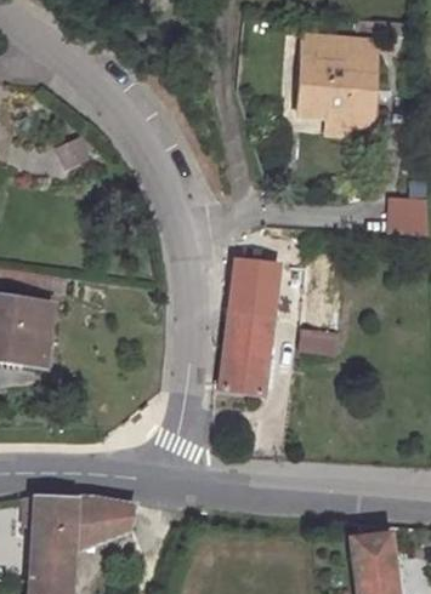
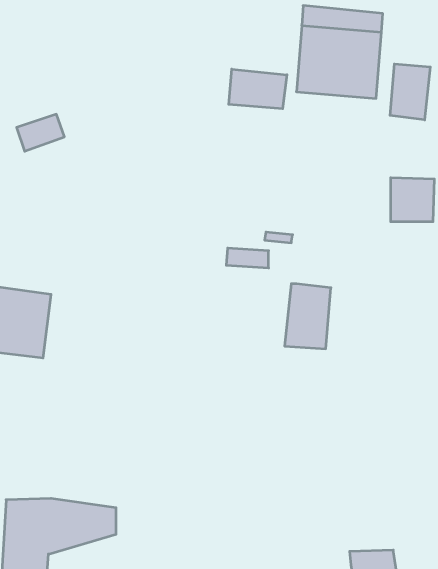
building: none -> [390,64,430,120]
building: none -> [229,69,287,109]
building: [212,279,267,395] -> none

